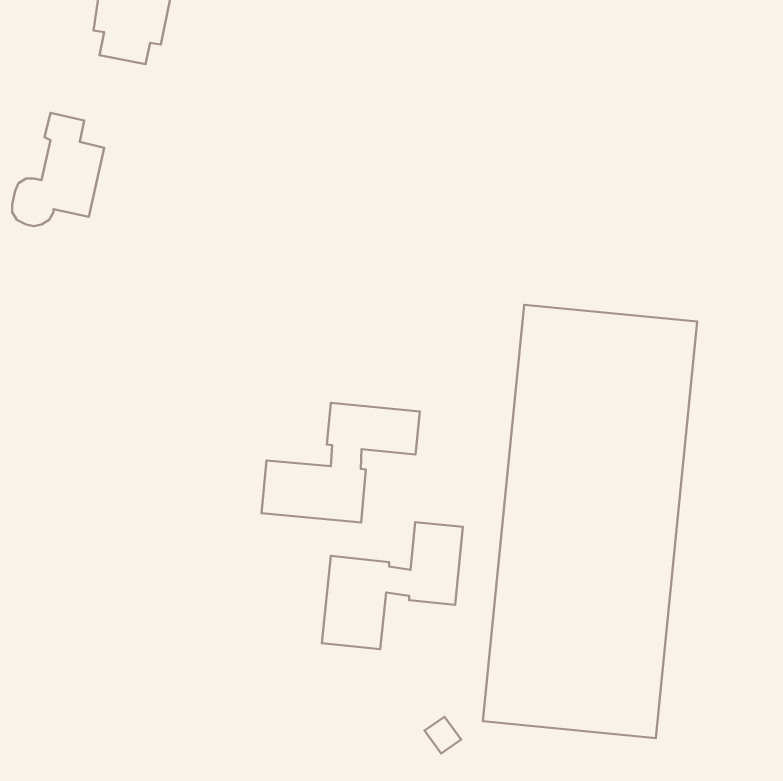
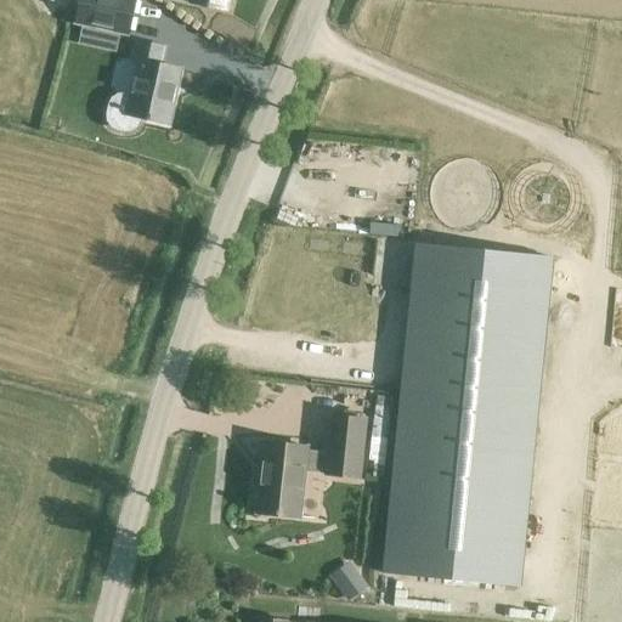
building: [12,113,104,226] -> [107,40,180,130]
building: [262,403,420,522] -> none

